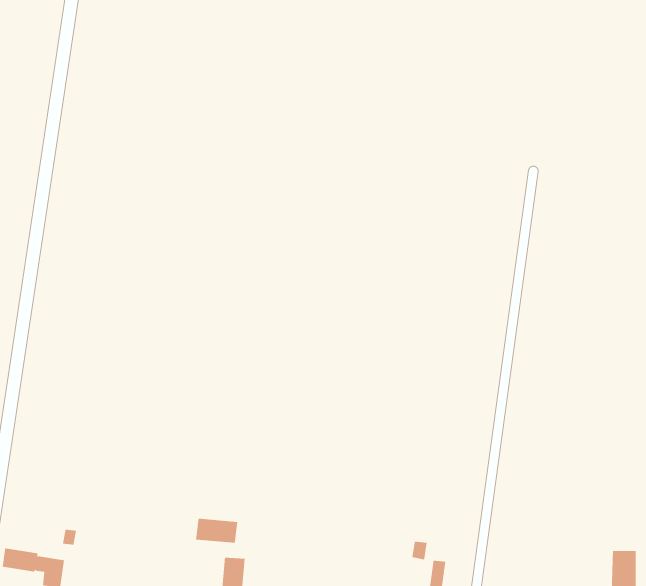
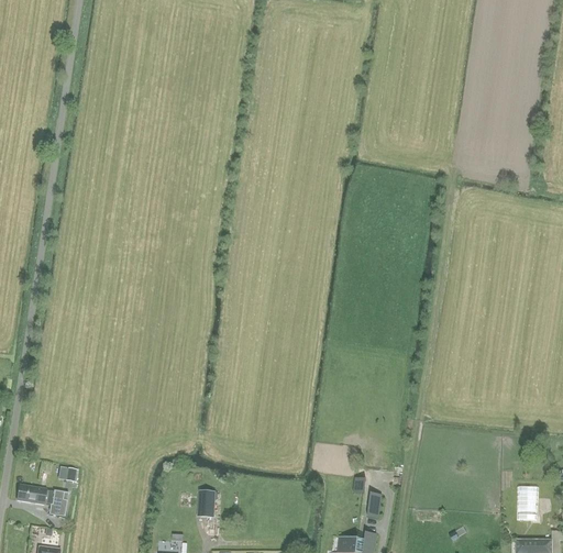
building: [195,518,238,543] -> none

